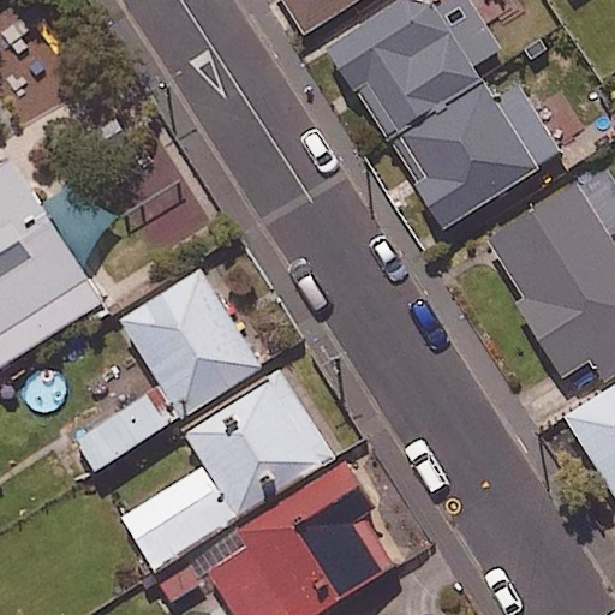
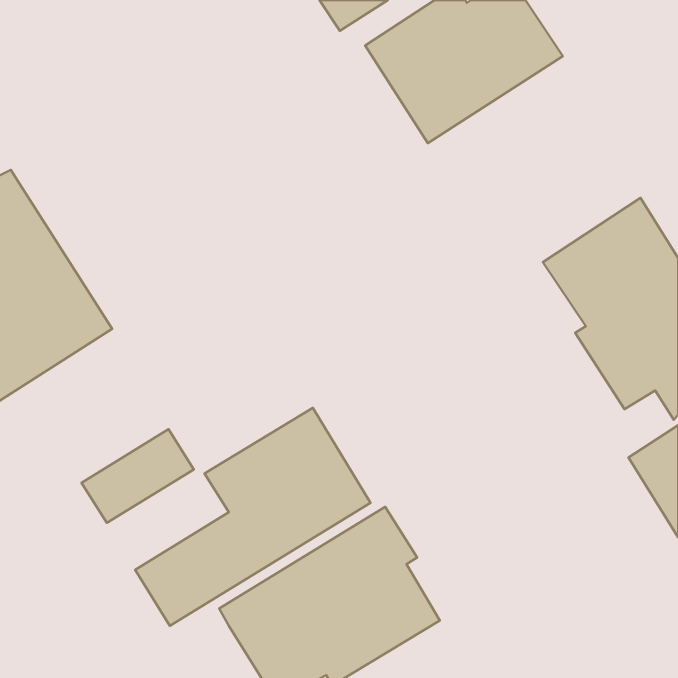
building: [392,83,561,226] -> none
building: [119,269,262,417] -> none

